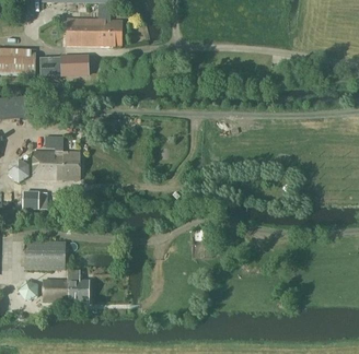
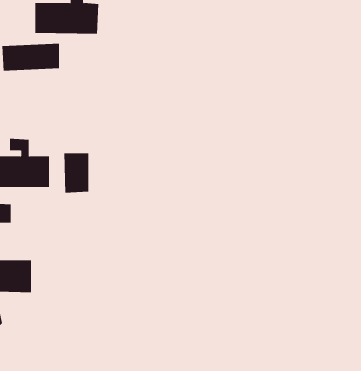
building: none -> [64,152,89,193]
building: [43,271,89,302] -> none

